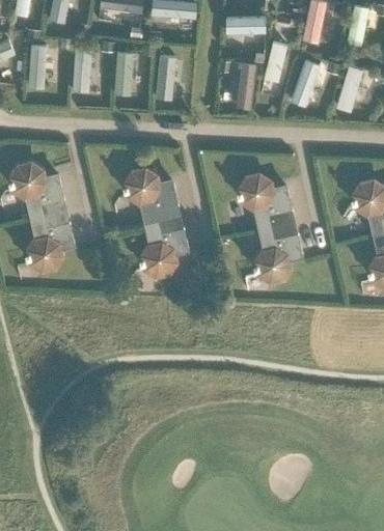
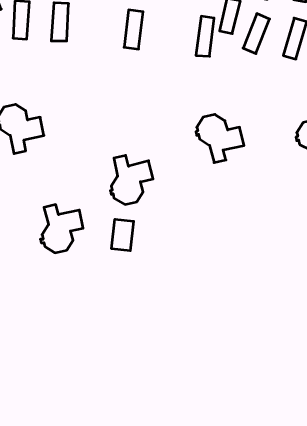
building: [114,51,133,94] -> none
building: [122,168,177,224] -> none
building: [25,216,74,271] -> [40,205,83,253]
building: [253,226,302,282] -> none
building: none -> [112,219,134,251]

